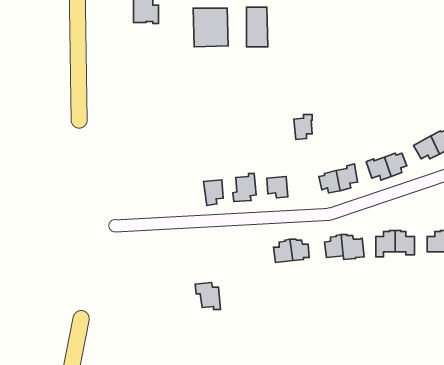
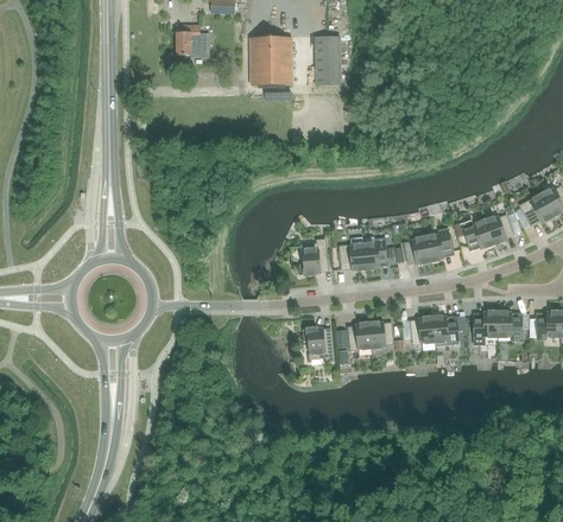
building: [294,114,312,140] -> [363,237,386,268]
building: [204,180,223,205] -> none
building: [195,282,220,309] -> [302,326,333,359]

